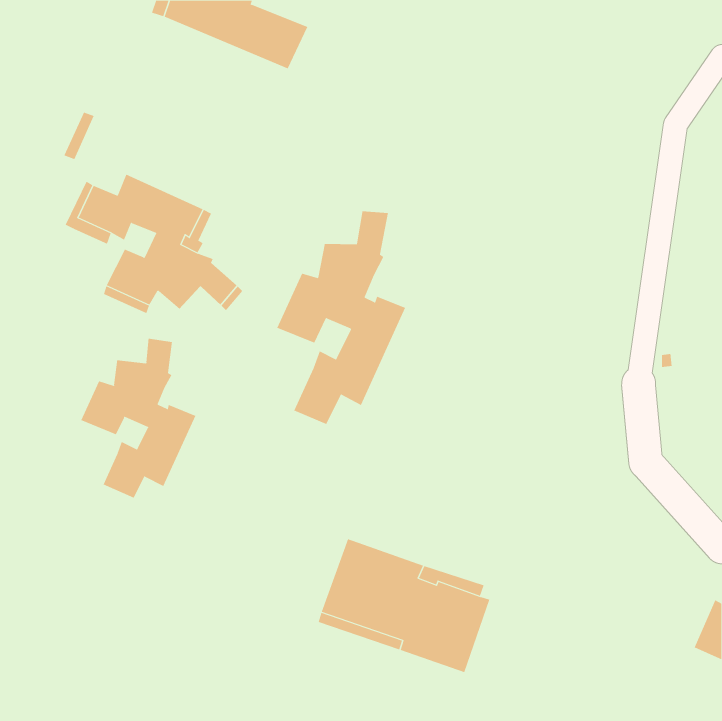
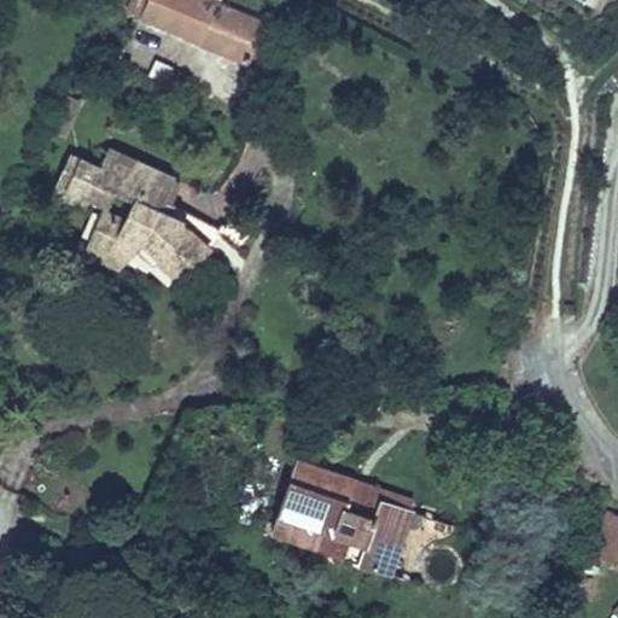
building: [277,211,406,425] -> none
building: [80,338,196,498] -> none

